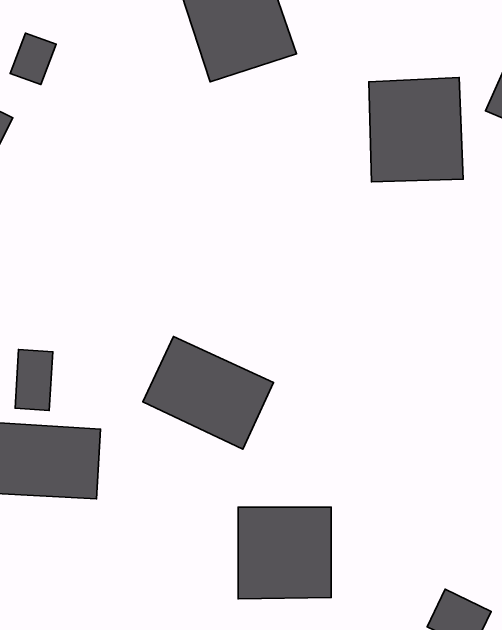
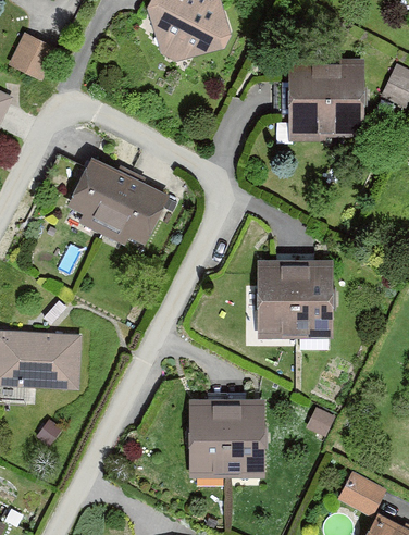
building: none -> [258,256,334,334]
building: [143,337,273,449] -> [70,159,172,247]
building: [15,350,53,410] -> none

